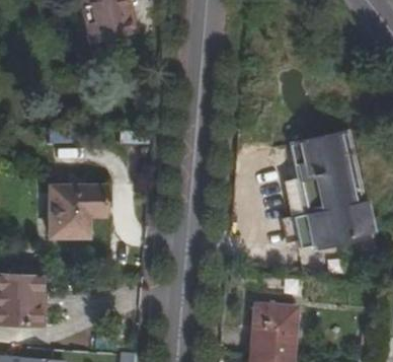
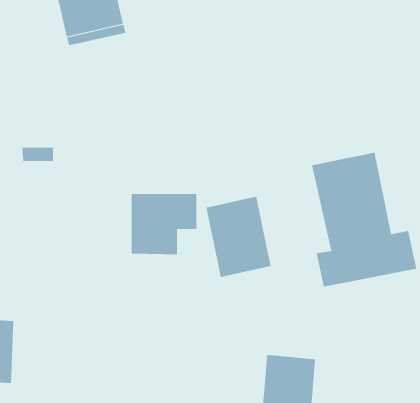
building: none -> [206,196,271,278]
building: [50,187,105,238] -> [131,193,197,255]

